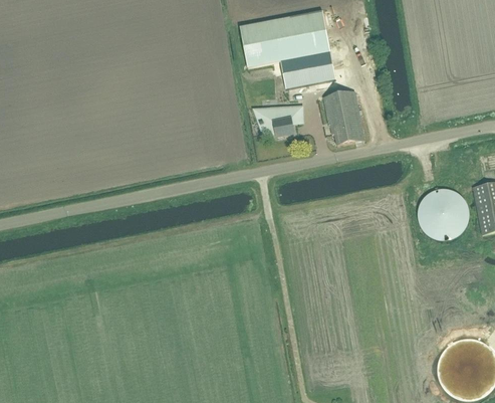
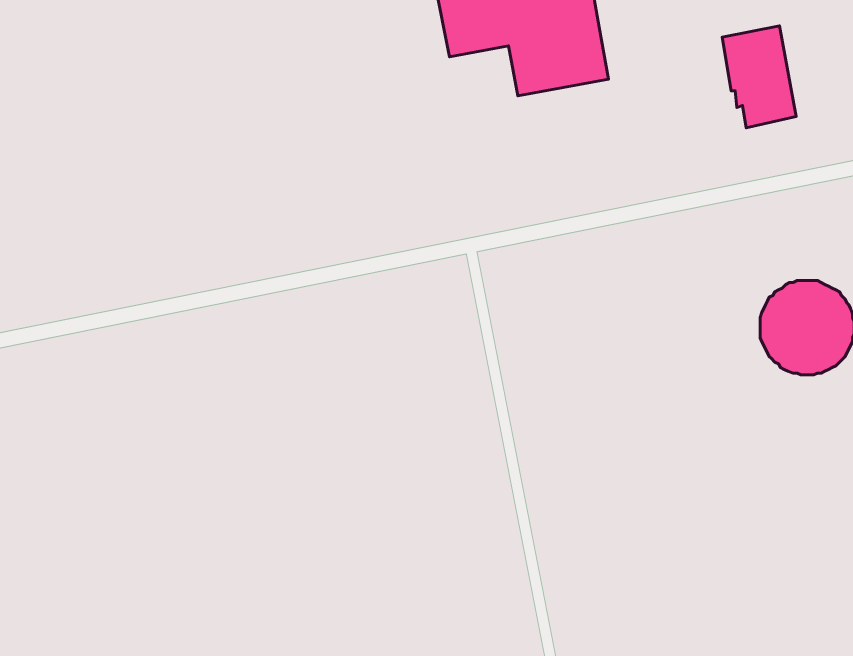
building: [323,90,363,146] -> [722,26,796,128]
building: [256,107,294,137] -> none

